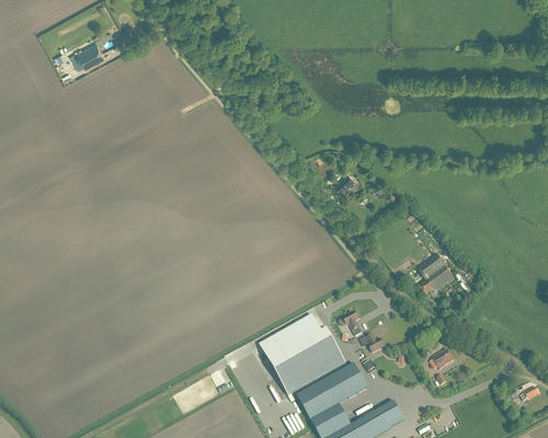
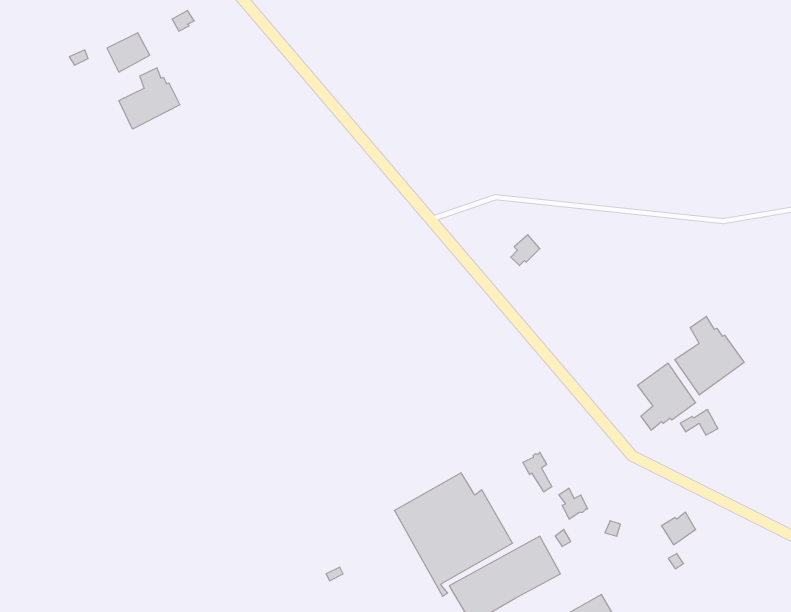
building: none -> [119,68,180,129]
building: none -> [675,316,744,395]

